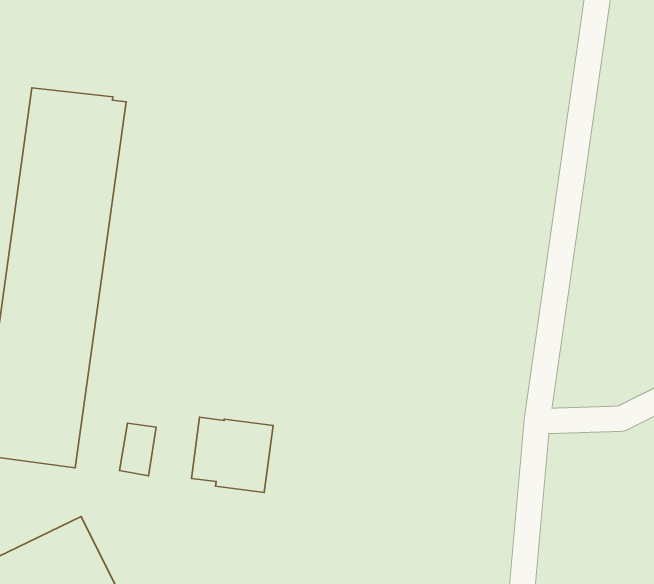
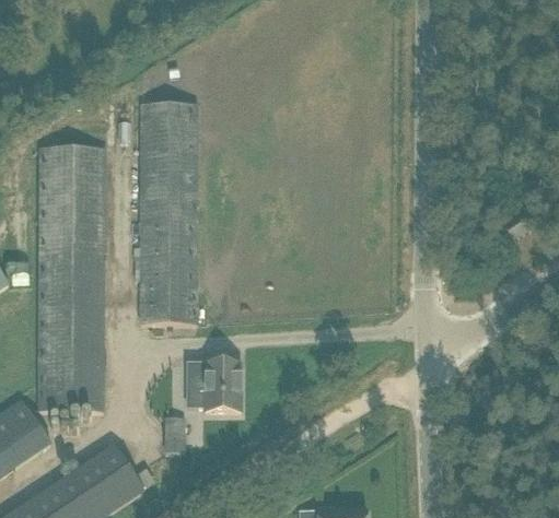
building: none -> [140,104,197,325]
building: [120,423,156,476] -> [163,417,185,452]

